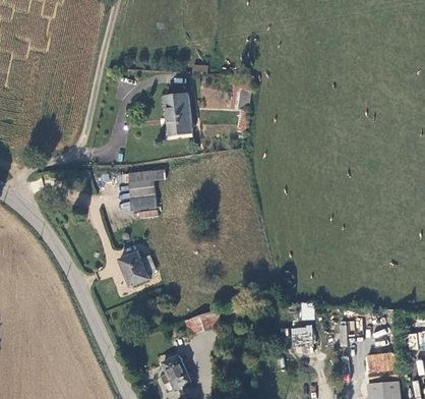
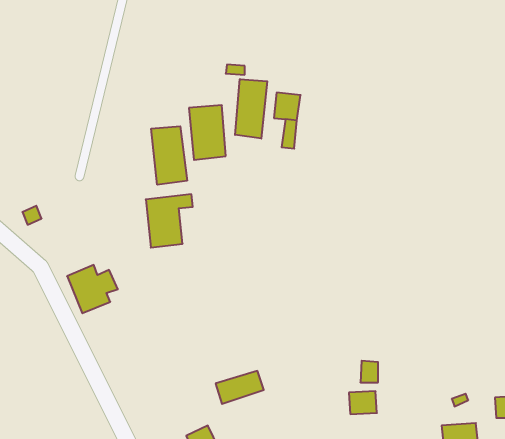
building: none -> [235,79,267,139]
building: none -> [151,126,187,185]
building: [116,249,157,288] -> [67,265,118,313]

